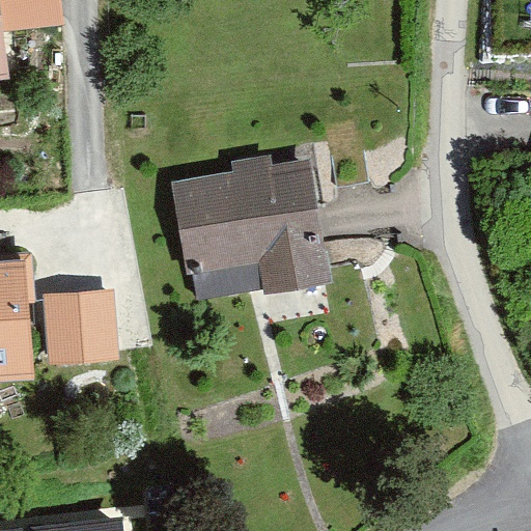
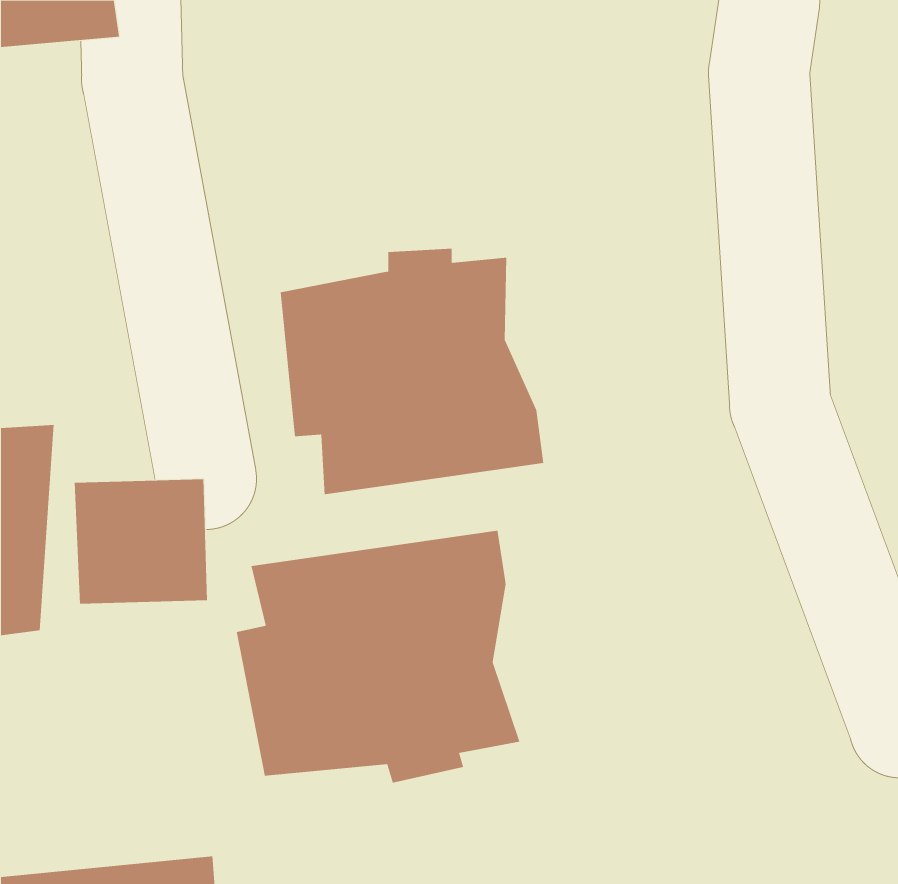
building: none -> [236,530,520,784]

